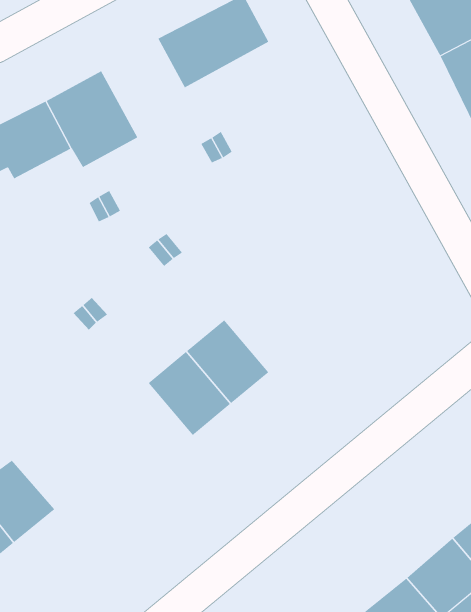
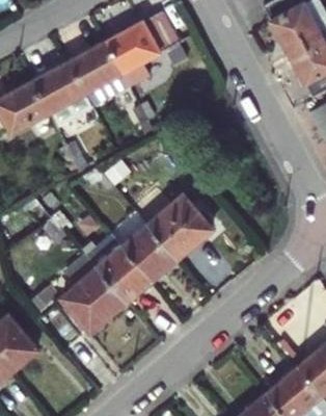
building: none -> [69,42,129,106]
building: none -> [148,193,214,259]
building: none -> [63,266,128,332]

